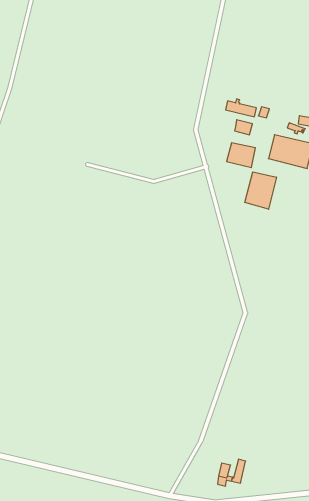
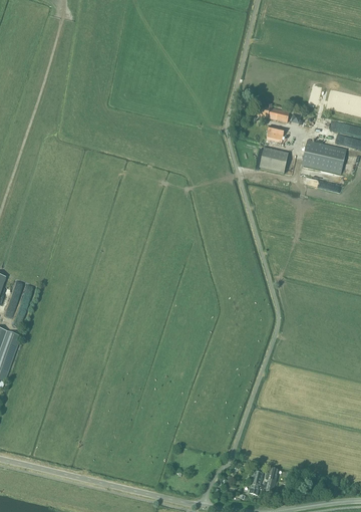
building: [245,172,276,209] -> none

